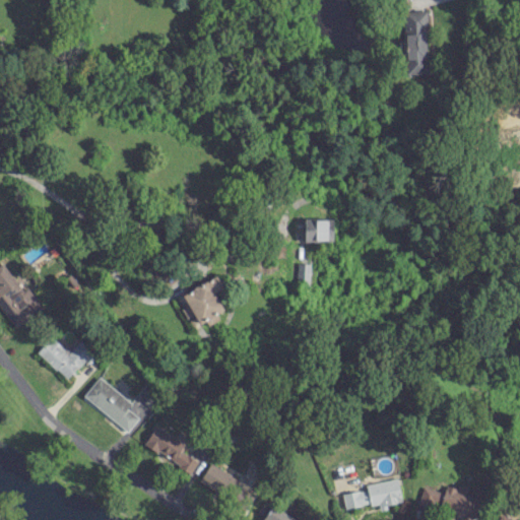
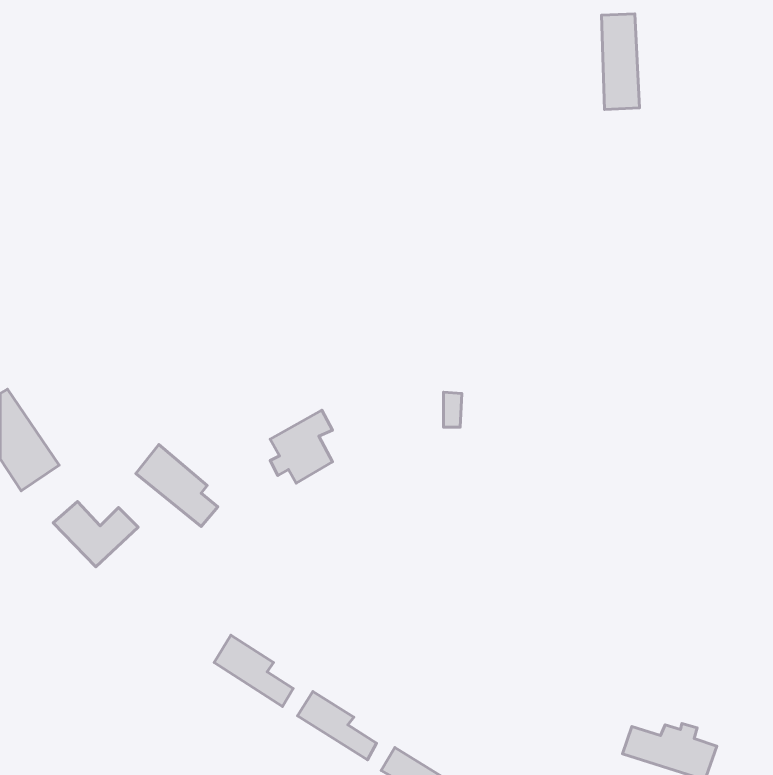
building: [305,219,334,242] -> none
building: [84,377,139,432] -> [136,444,218,527]
building: [343,479,402,511] -> none

